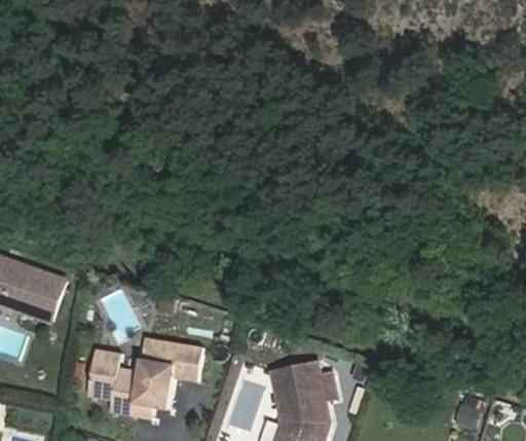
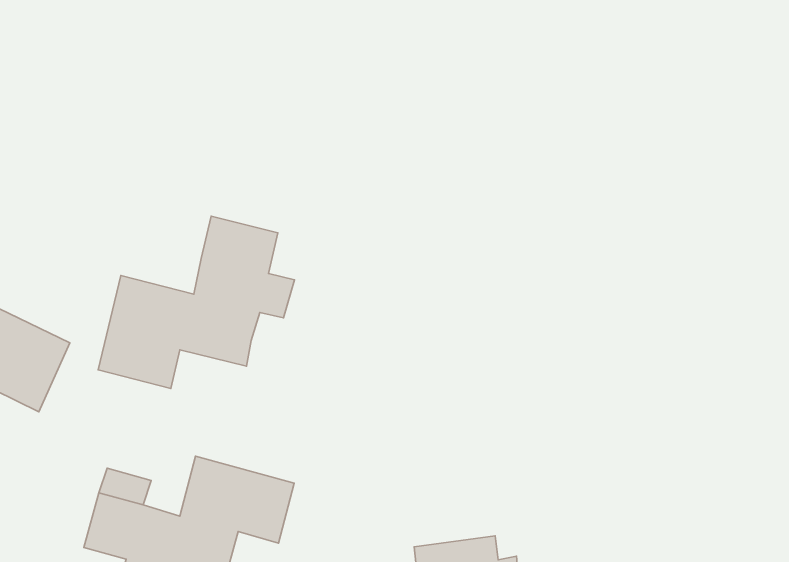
building: none -> [98,216,294,389]

